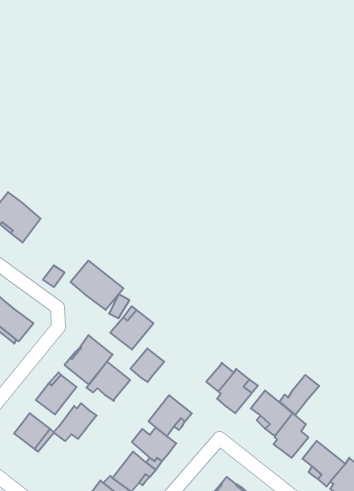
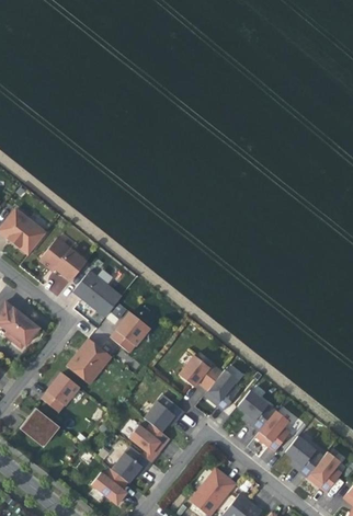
building: none -> [39,237,88,280]
building: [131,348,164,382] -> [179,355,209,386]
building: [86,361,130,401] -> none
building: [279,375,319,415] -> none
building: [53,403,97,441] -> none

